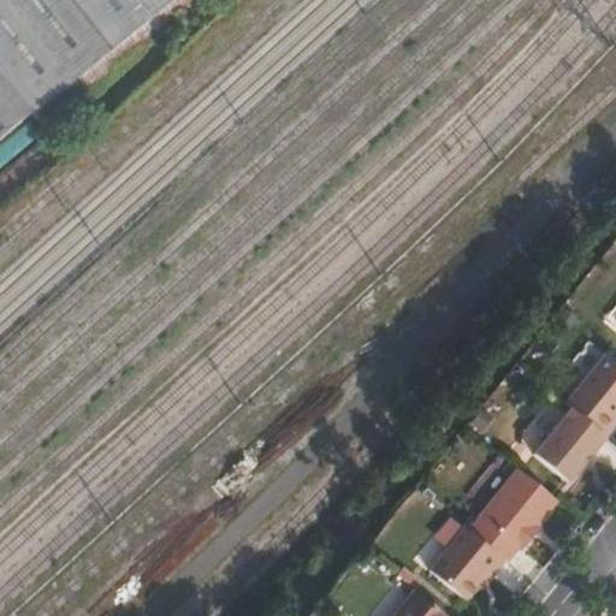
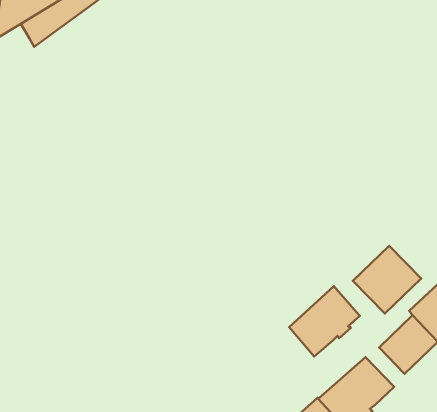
building: none -> [353,246,421,314]
building: none -> [289,286,360,357]

